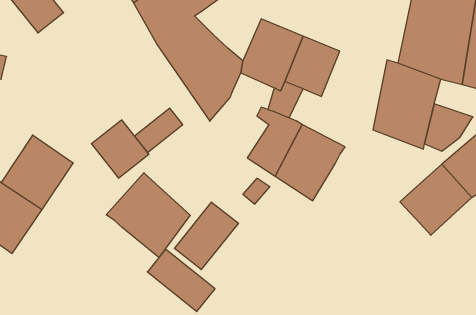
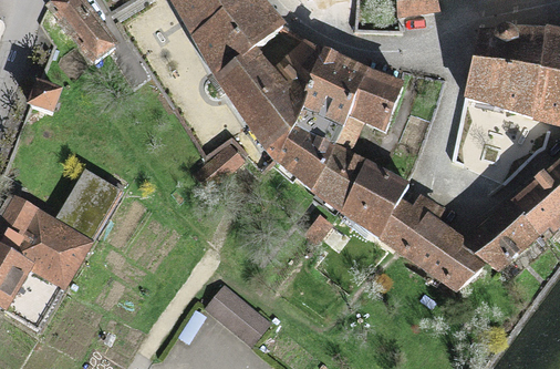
building: none -> [273,39,323,93]
building: none -> [270,125,331,193]
building: [91,120,149,178] -> none
building: none -> [376,194,487,293]
building: [106,173,190,257] -> none
building: [174,202,238,270] -> none

